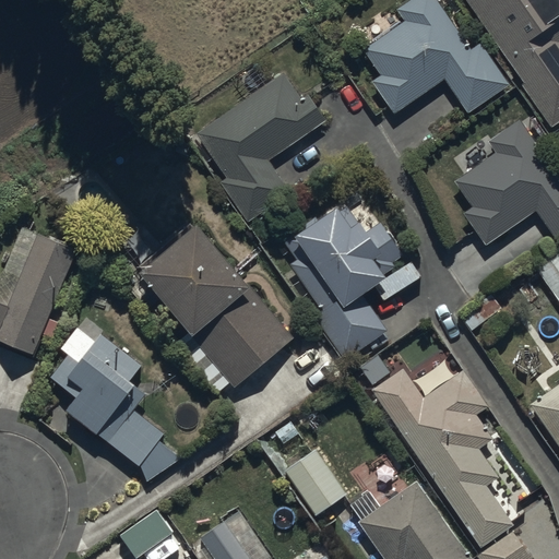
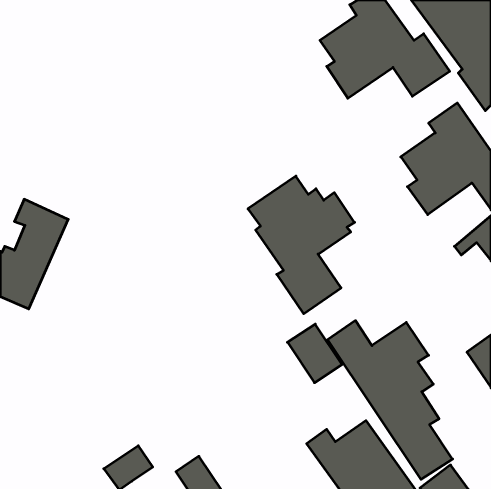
building: [195,71,325,221] -> none
building: [138,217,293,394] -> none
building: [50,326,182,483] -> none
building: [285,449,347,515] -> [287,324,342,383]

